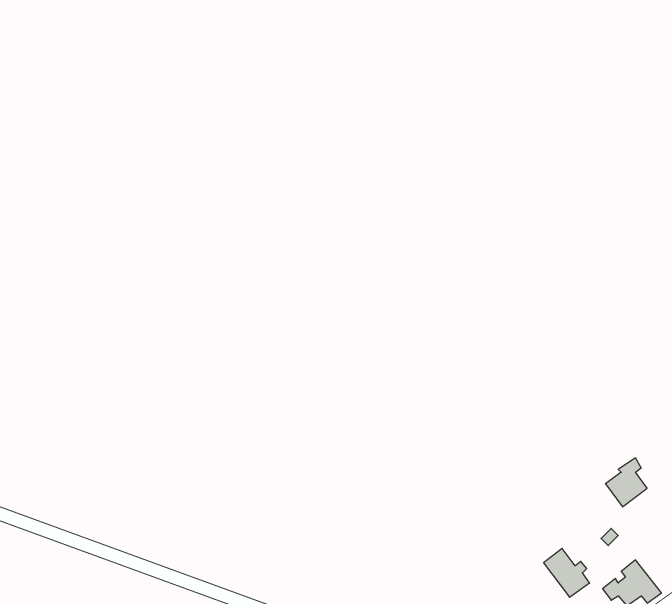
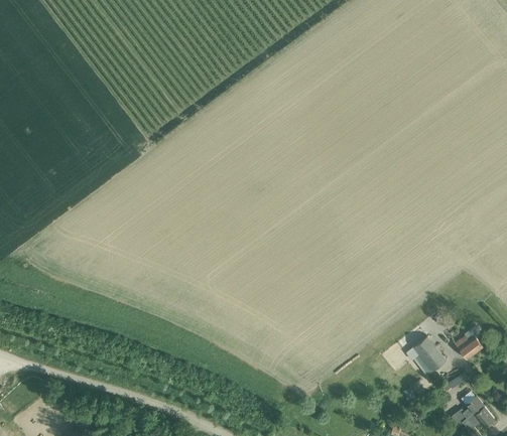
building: [544,548,590,597] -> [412,336,445,371]

